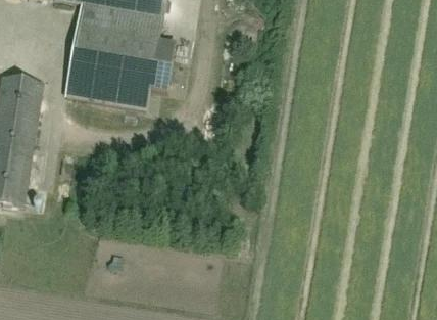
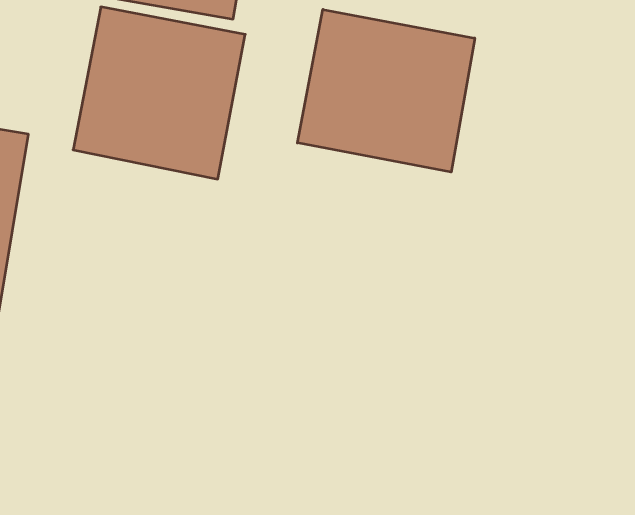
building: none -> [297,9,475,172]

